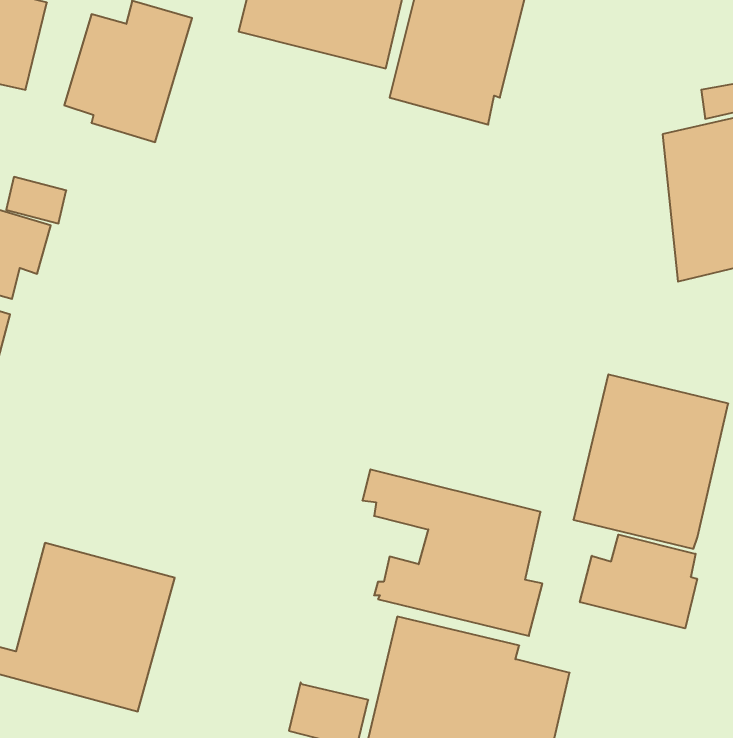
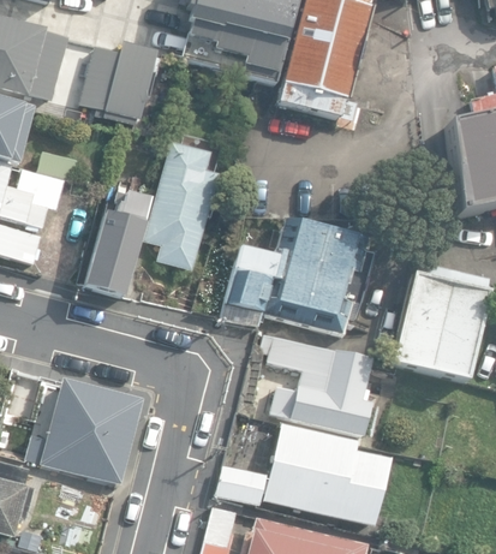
building: none -> [145,143,219,268]
building: none -> [84,190,150,297]
building: none -> [221,219,374,333]
building: [580,535,697,628] -> none

